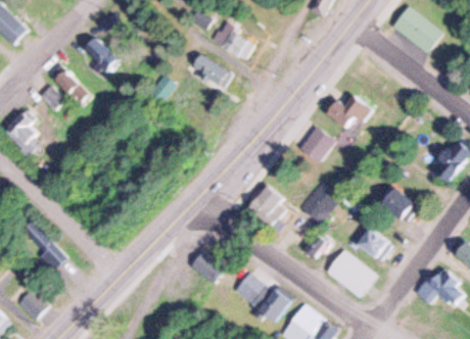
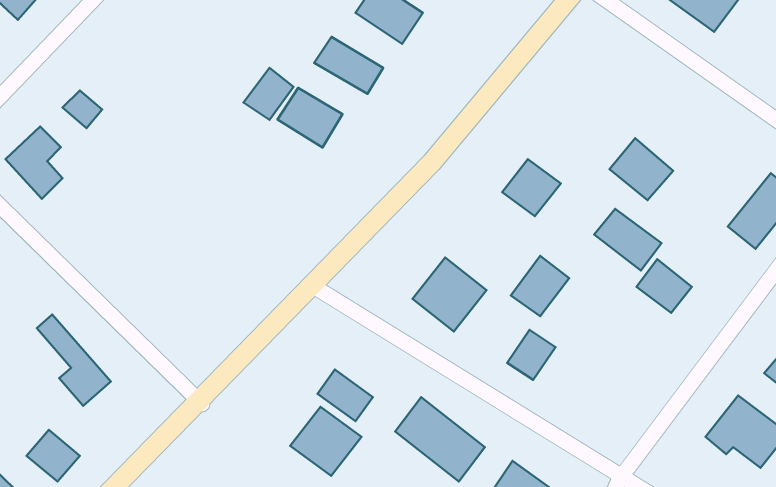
building: [84,40,119,74] -> none
building: [50,69,88,106] -> none
building: none -> [277,88,342,148]
building: [326,94,364,131] -> [609,138,673,200]
building: none -> [594,209,661,270]
building: [357,226,391,259] -> none
building: [329,251,378,297] -> none
building: none -> [290,407,362,476]

